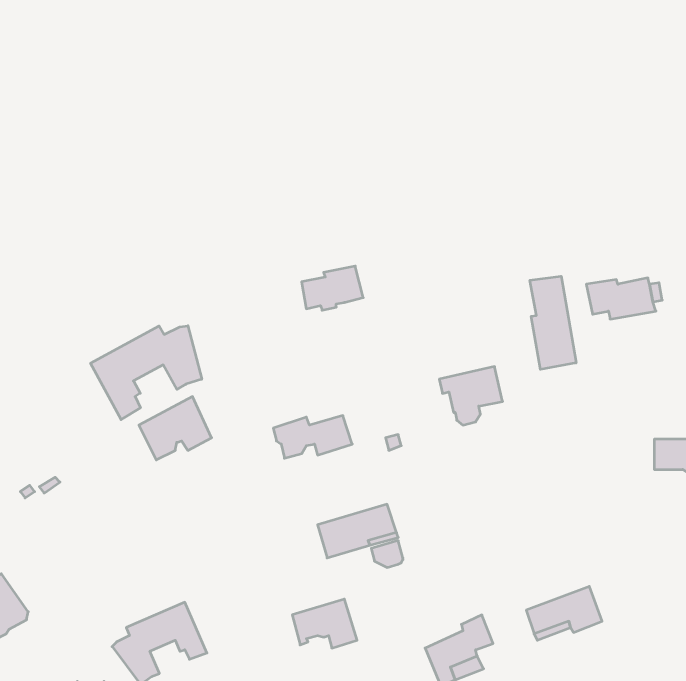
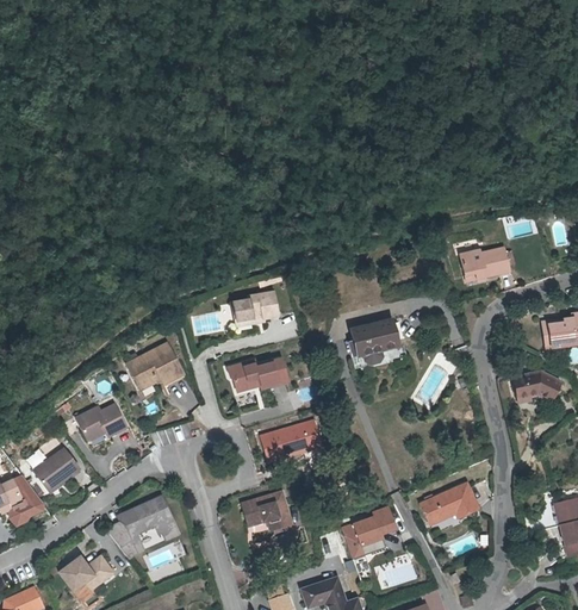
building: [302,266,363,310] -> [230,291,276,324]
building: [530,276,576,369] -> none
building: [91,326,202,420] -> none
building: none -> [70,402,128,444]
building: none -> [32,447,79,492]

